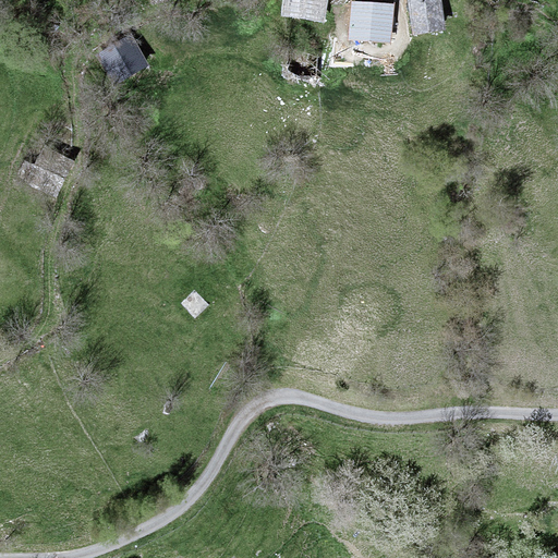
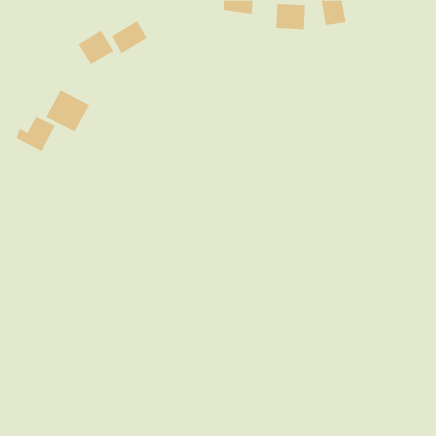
building: none -> [111,20,147,54]
building: none -> [46,90,90,132]

